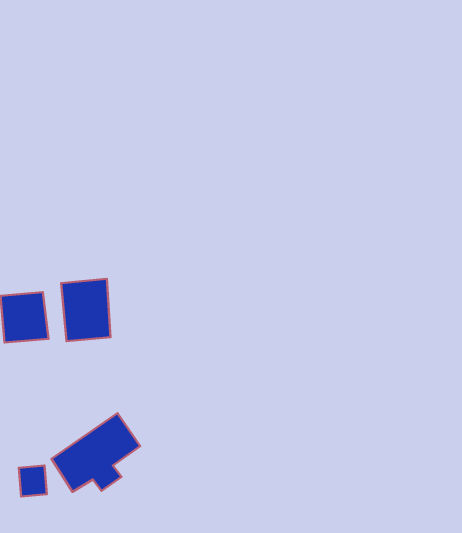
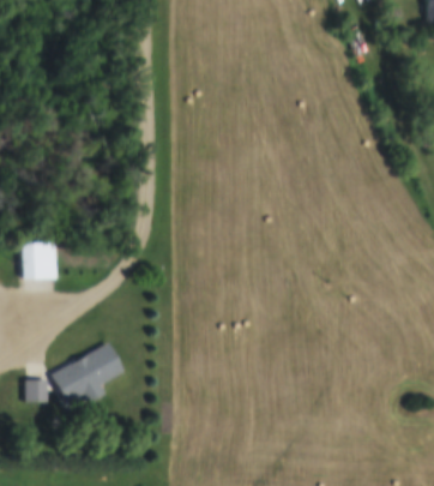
building: [61,279,110,341] -> none

